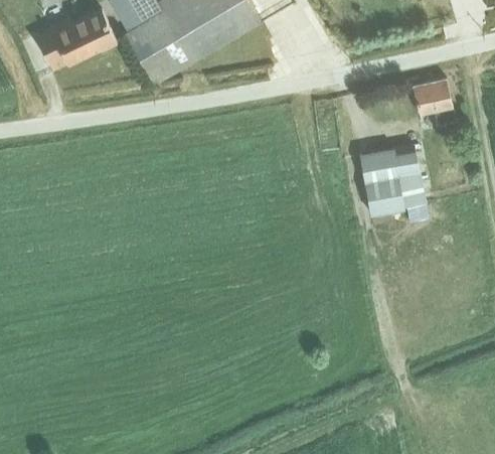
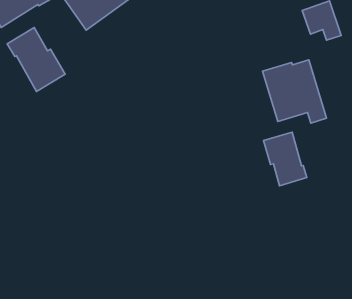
building: none -> [7,28,65,91]
building: none -> [263,132,307,186]

